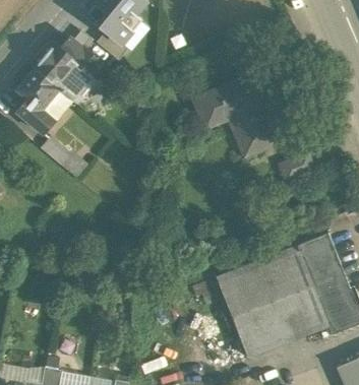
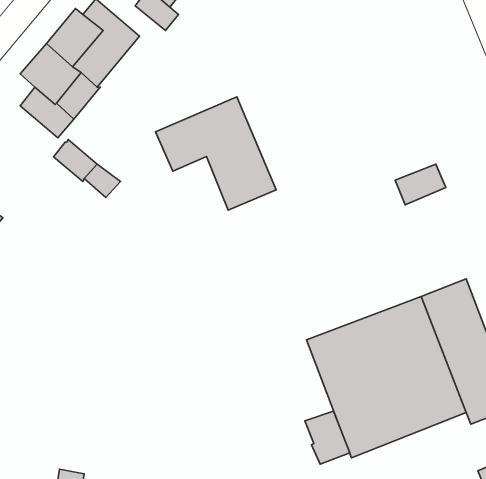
building: [193,75,278,154] -> [155,97,276,210]
building: none -> [305,411,350,464]

